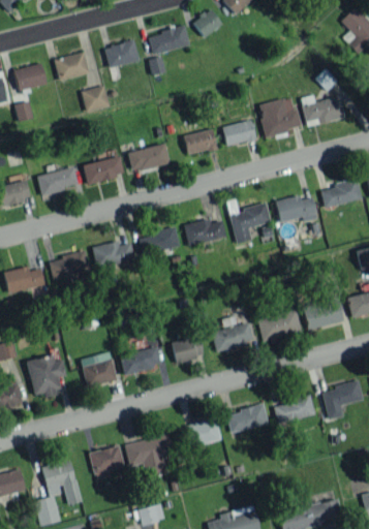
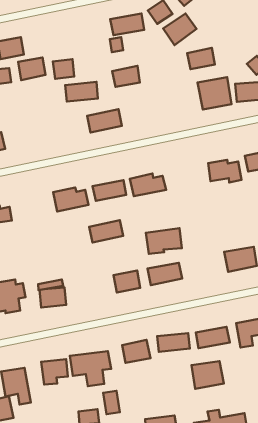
building: none -> [163,14,196,45]
building: [104,41,137,66] -> none
building: [55,52,89,81] -> [18,57,46,80]
building: [222,119,256,146] -> [187,48,215,69]
building: [183,128,217,155] -> [112,66,140,87]
building: [83,157,123,183] -> [65,82,98,102]
building: [36,166,78,194] -> none
building: [229,204,271,244] -> none
building: [49,250,91,279] -> none
building: [256,310,301,343] -> [146,228,182,254]
building: [120,346,161,375] -> [89,220,123,243]
building: none -> [191,361,224,389]
building: none -> [103,391,120,414]

